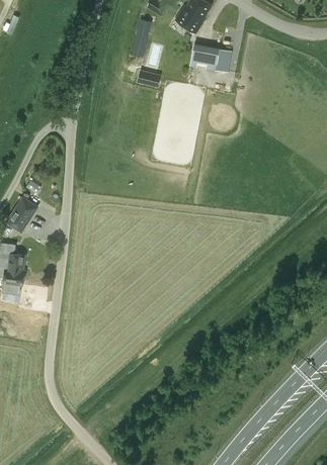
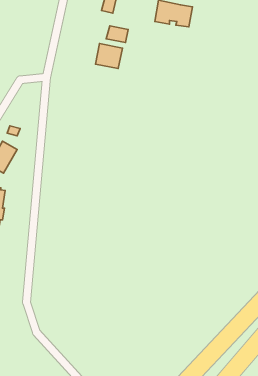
building: none -> [95,44,122,69]

